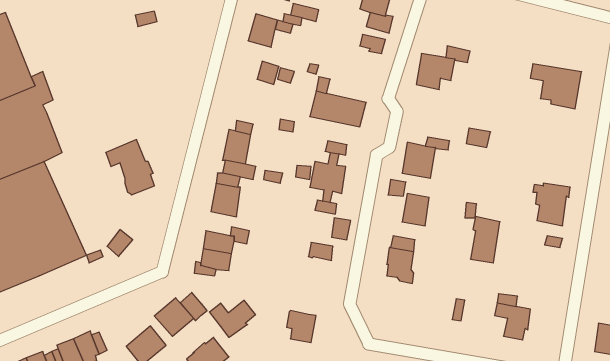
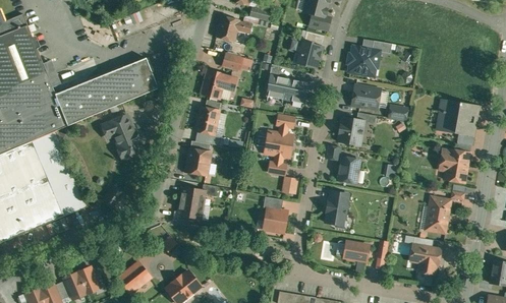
building: none -> [297,39,323,66]
building: [530,64,582,109] -> [439,100,480,135]
building: none -> [56,57,159,124]
building: none -> [202,69,237,98]
building: none -> [352,84,381,109]
building: [470,217,500,263] -> [428,195,451,232]
building: [154,298,194,336] -> none
building: none -> [344,240,370,260]
building: [209,300,255,337] -> none
building: [287,311,316,343] -> [265,206,288,232]

